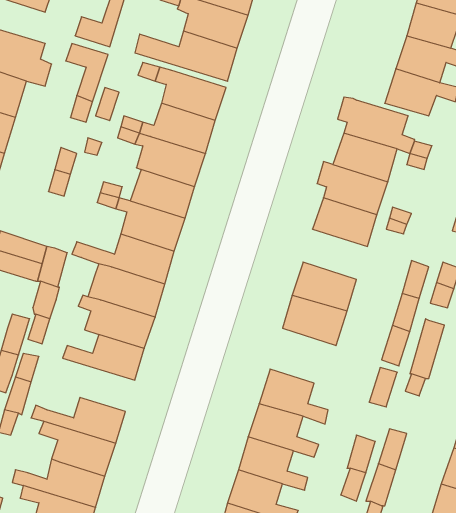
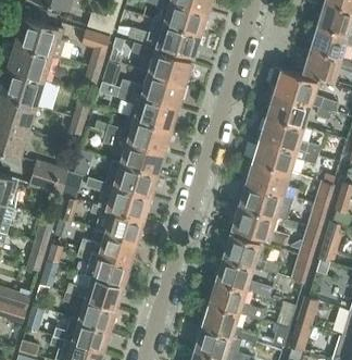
building: none -> [246,160,290,195]
building: none -> [223,234,271,271]
building: none -> [77,249,129,286]

